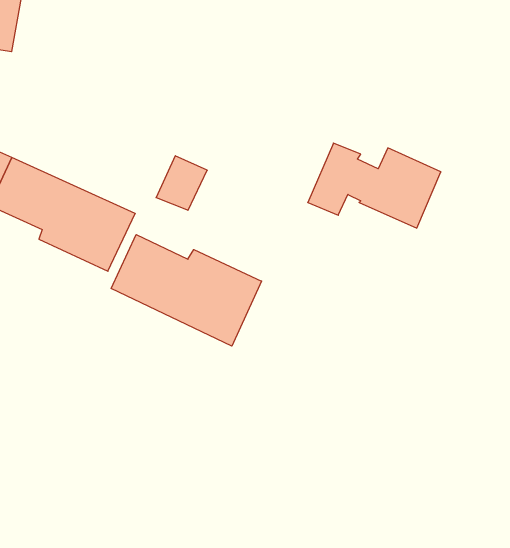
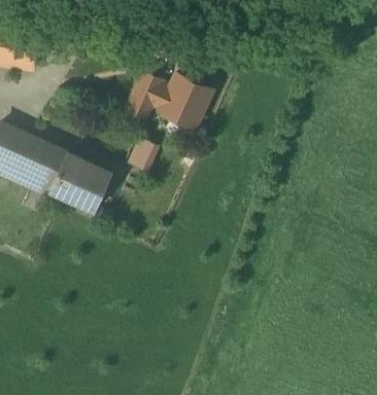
building: [308,143,441,228] -> [126,73,211,128]
building: [111,235,262,346] -> none

